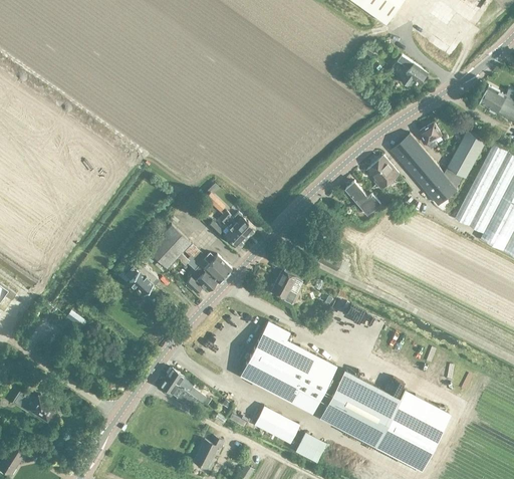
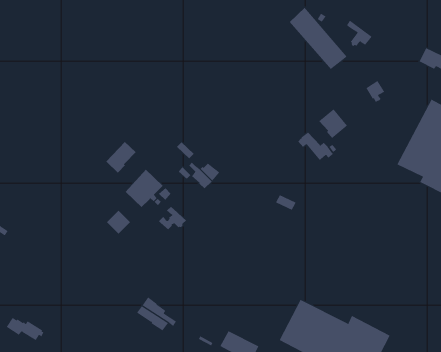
building: [448,133,486,178] -> none
building: [392,135,458,206] -> [289,7,347,70]
building: none -> [105,141,137,173]
building: [203,254,232,284] -> none
building: [271,271,304,305] -> none
building: [240,322,336,415] -> none

